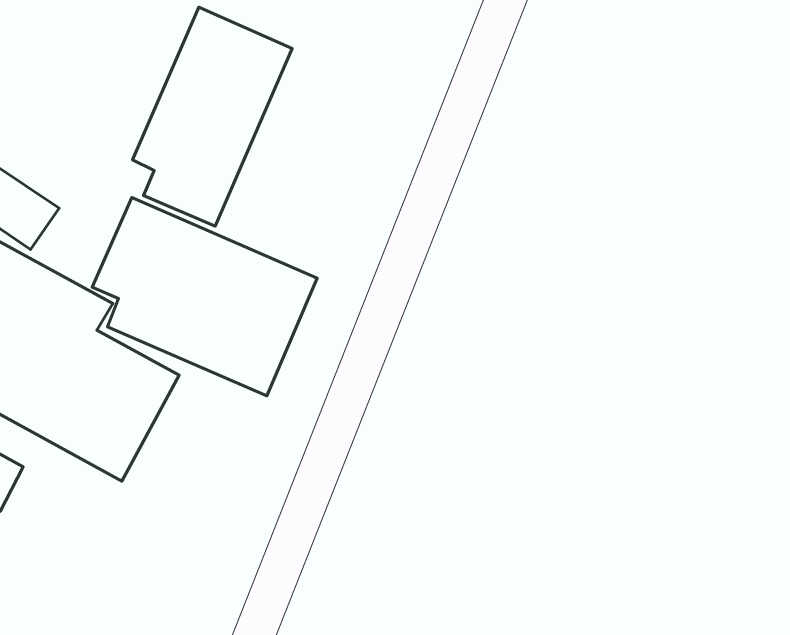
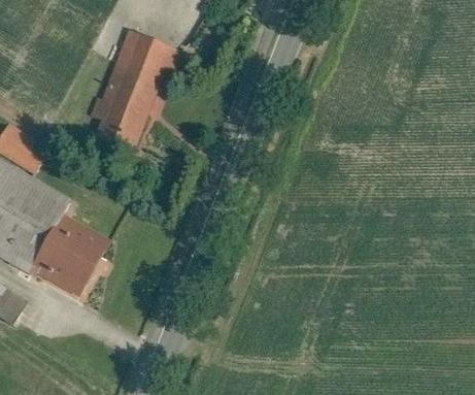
building: [92,198,317,396] -> none

